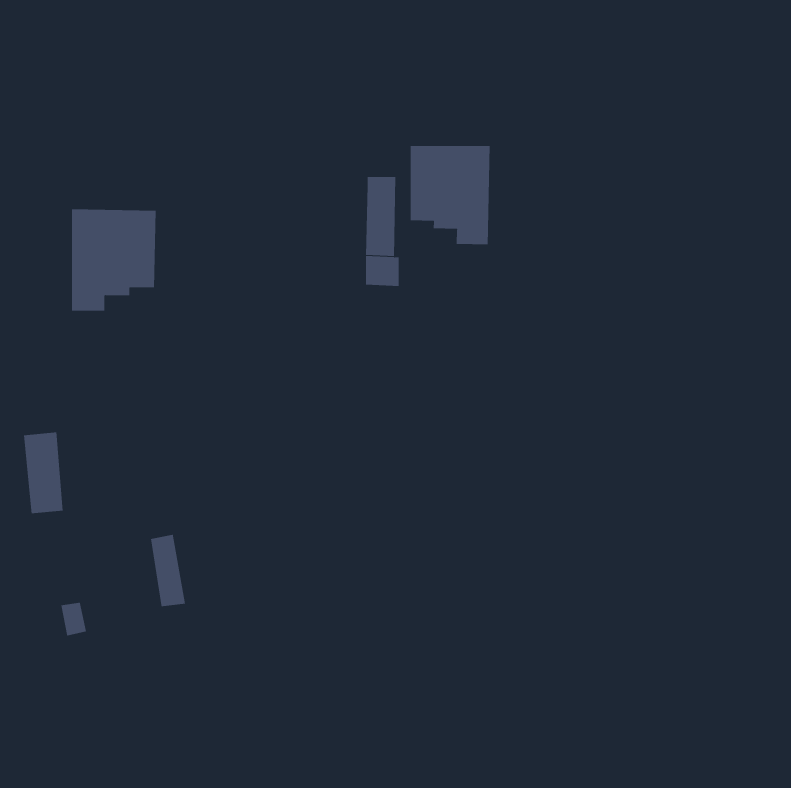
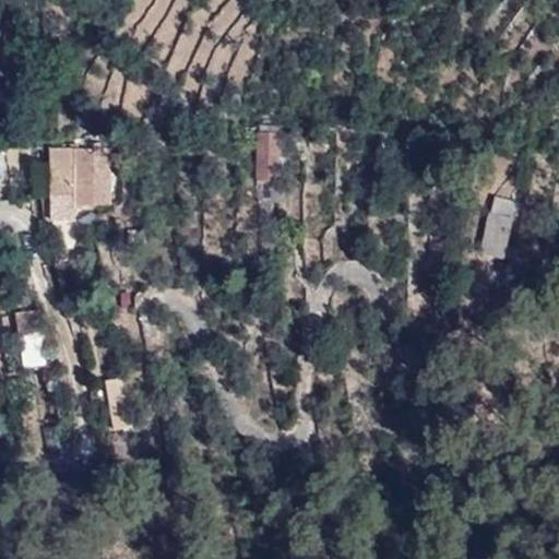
building: [410,145,490,245] -> none
building: none -> [476,210,509,258]

